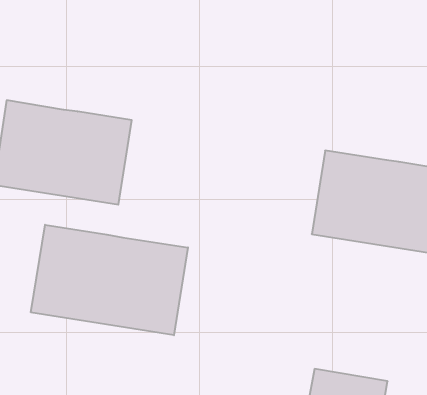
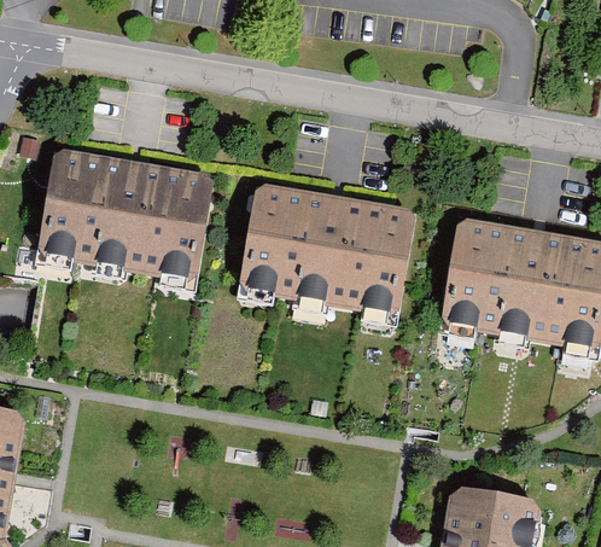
building: none -> [237,181,412,313]
building: [31,225,188,335] -> none

